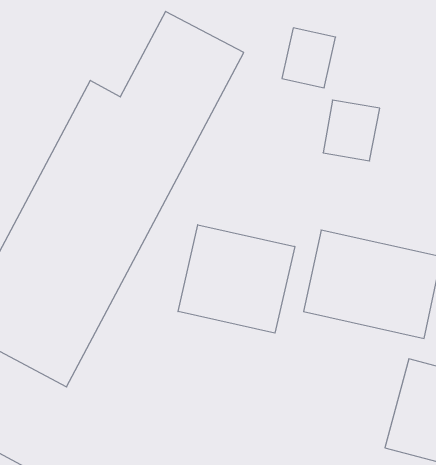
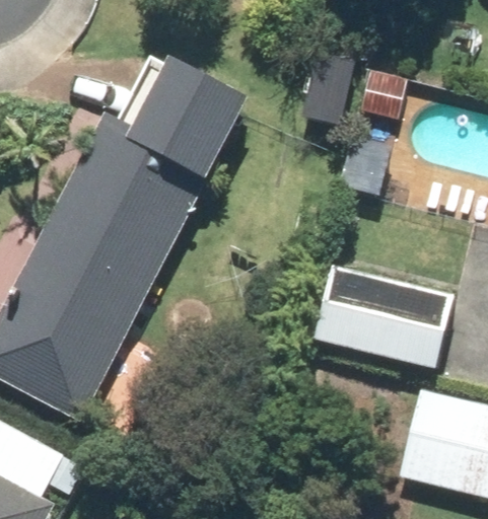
building: [178,225,295,333] -> none

